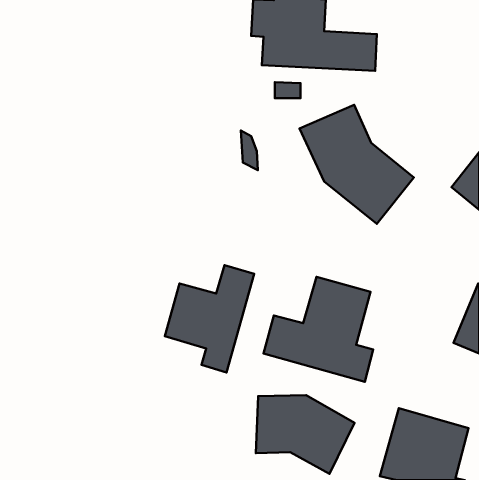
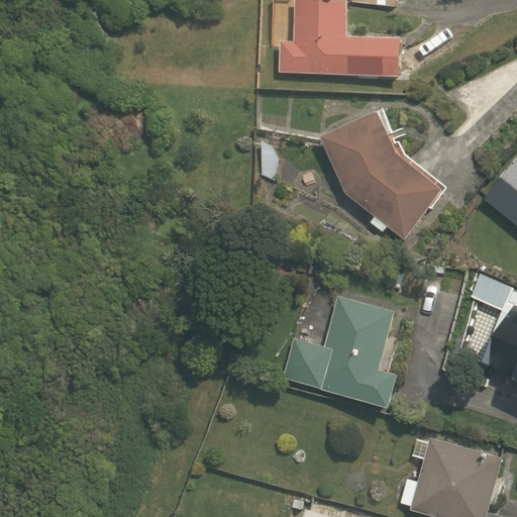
building: [165,265,254,373] -> none
building: [256,395,354,474] -> none

